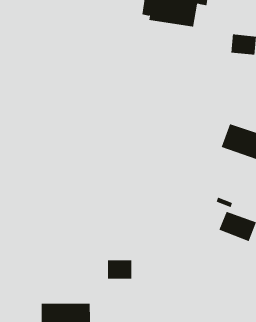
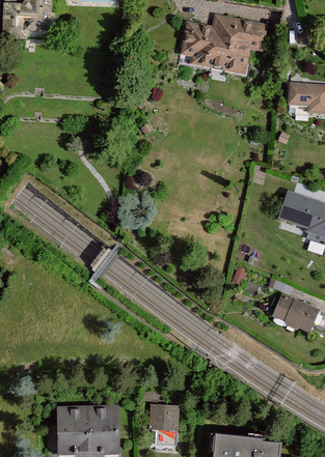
building: [107,260,132,279] -> [146,403,177,427]

